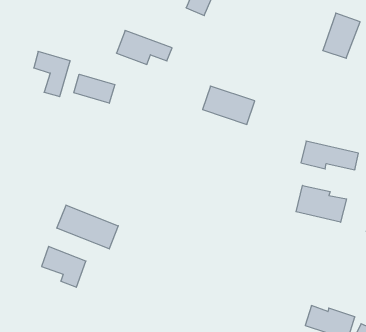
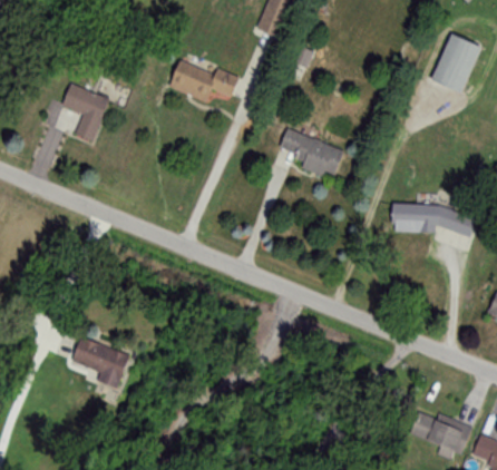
building: [74,74,115,103] -> none
building: [296,185,347,222] -> none
building: [57,205,118,249] -> none

